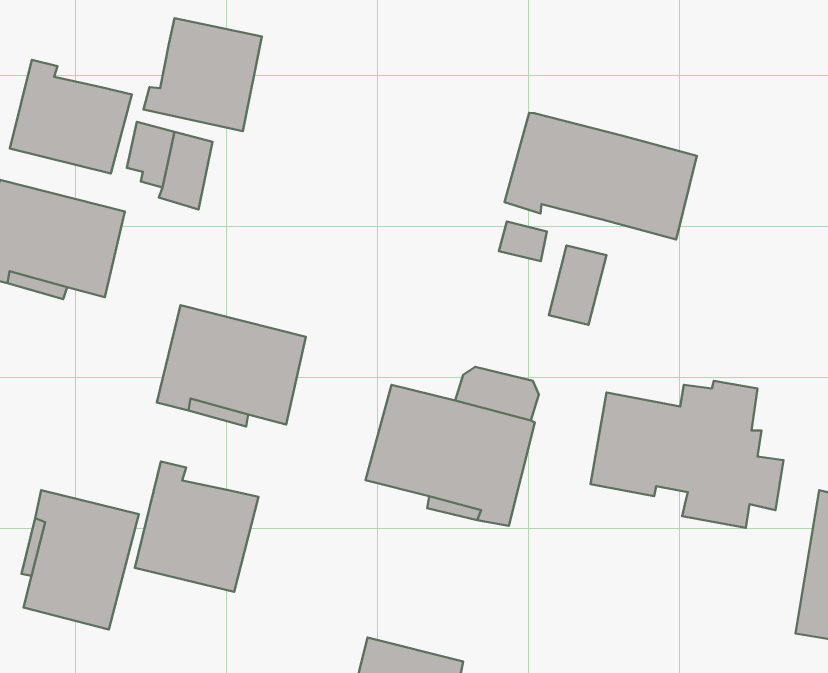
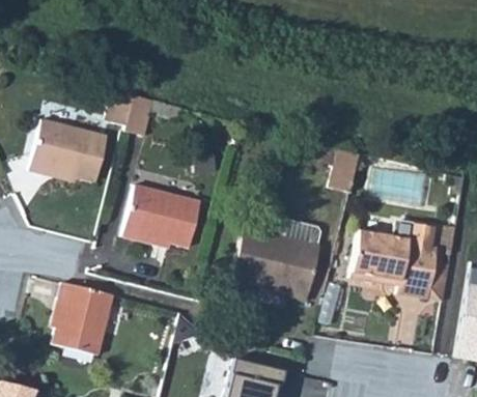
building: [144,18,262,131] -> none
building: [10,60,132,173] -> none
building: [504,113,697,239] -> none
building: [135,461,258,592] -> none

